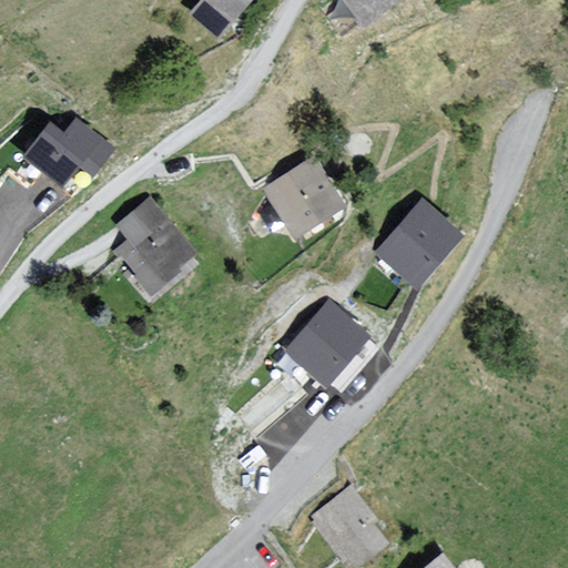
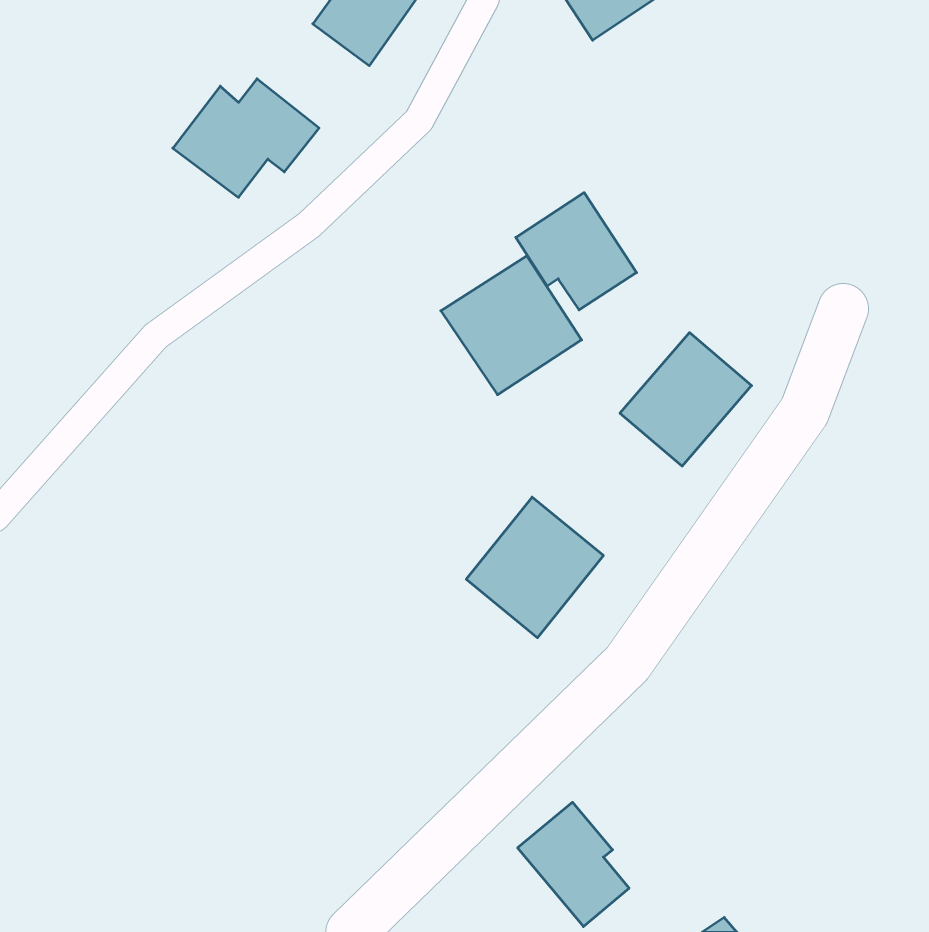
building: [21,114,110,186] -> [173,79,319,197]
building: none -> [516,193,637,310]
building: [112,193,203,297] -> none

